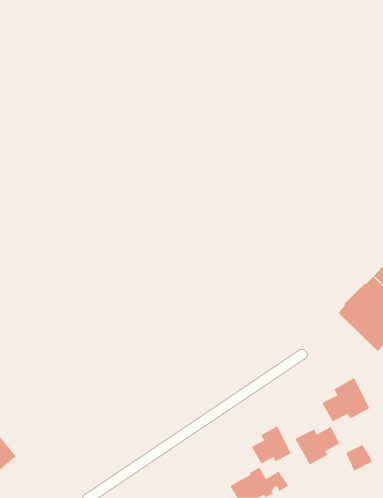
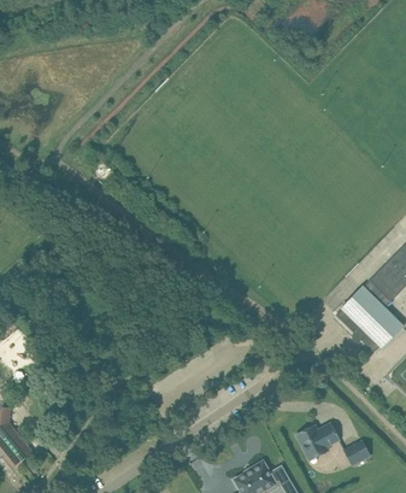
building: [321,377,370,422] -> none
building: [251,425,292,464] -> none

